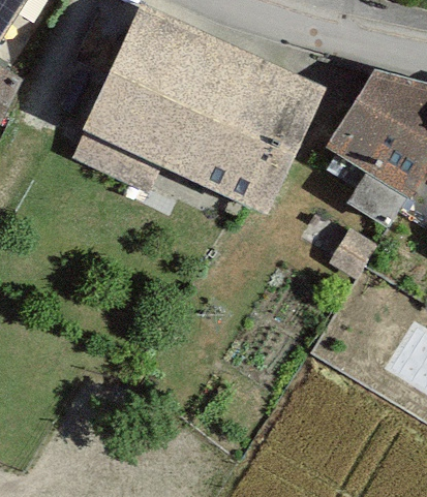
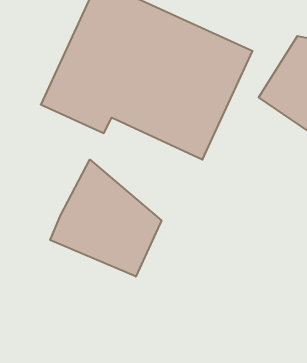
building: none -> [50,160,161,277]

